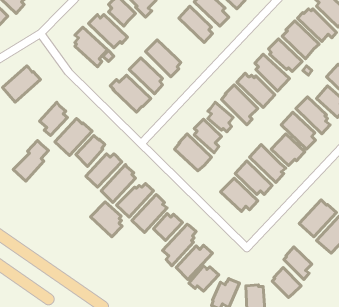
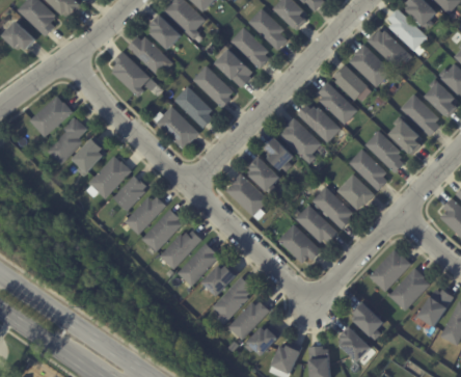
building: none -> [214,48,251,87]
building: [13,140,48,181] -> [46,117,86,164]
building: [91,202,122,237] -> none

